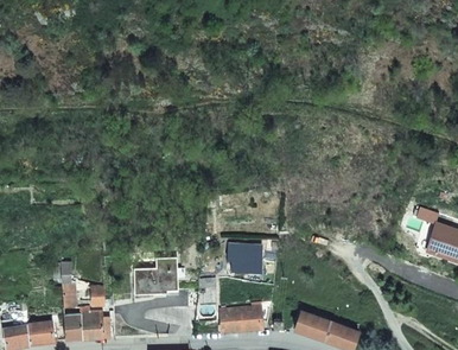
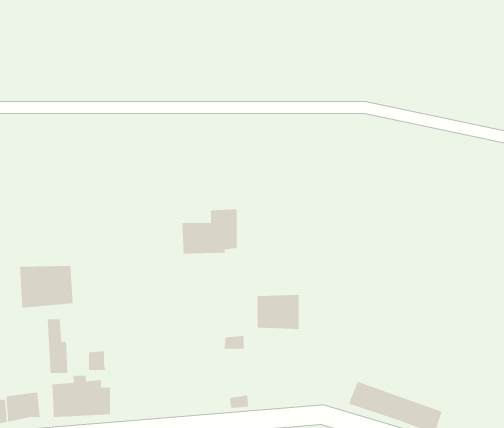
building: none -> [19,265,73,309]
building: [132,259,176,294] -> [181,209,238,254]
building: [218,305,268,332] -> none

